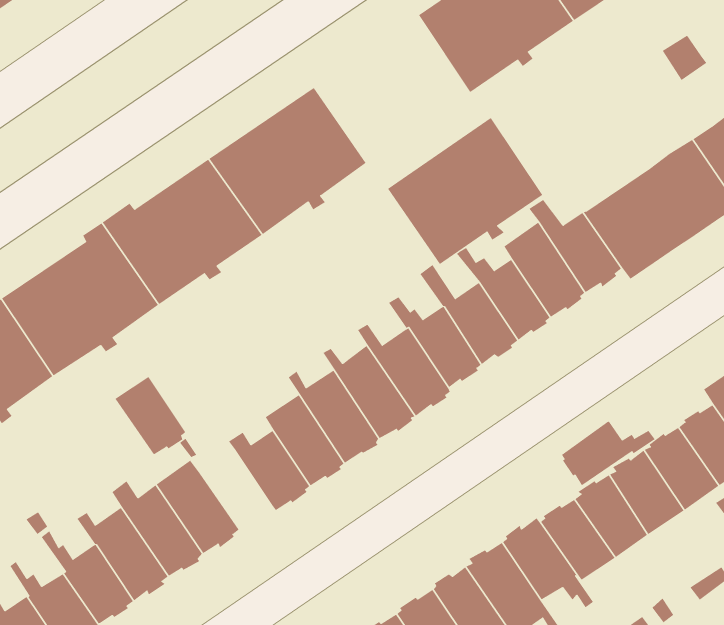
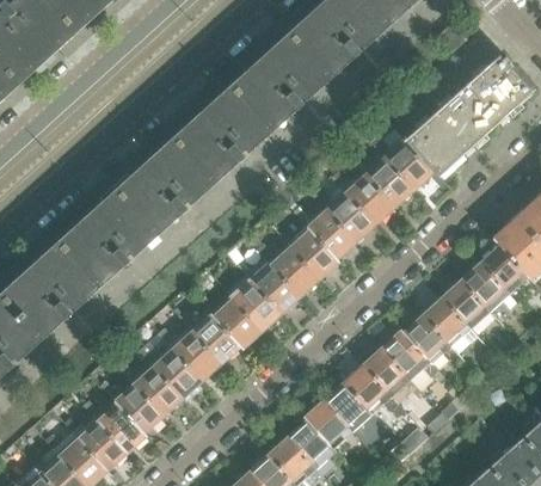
building: [387,117,543,265] -> [229,36,325,130]
building: [114,376,186,455] -> [192,316,239,364]
building: [561,421,655,486] -> none

